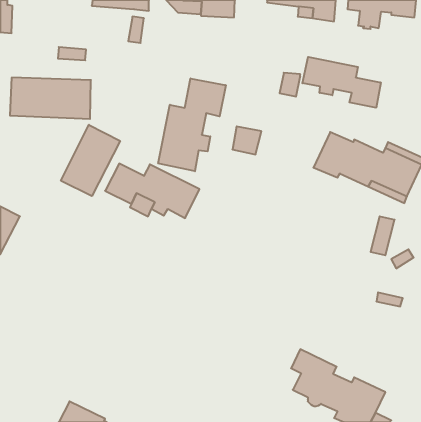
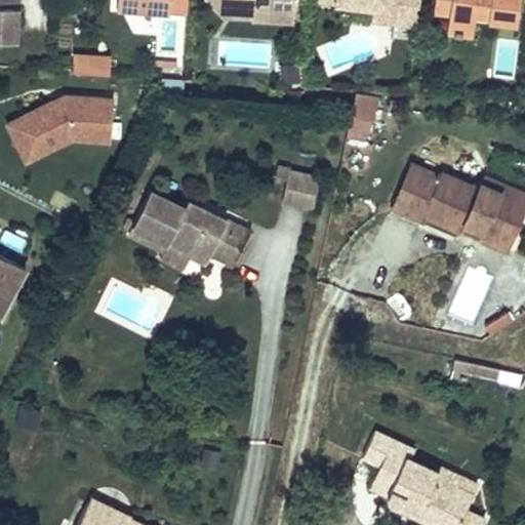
building: [302,57,381,108] -> none
building: [158,78,226,171] -> none
building: [61,125,120,196] -> none

